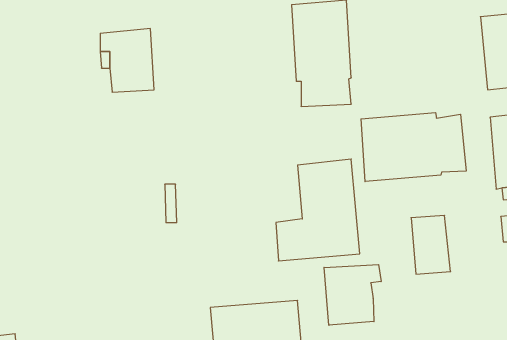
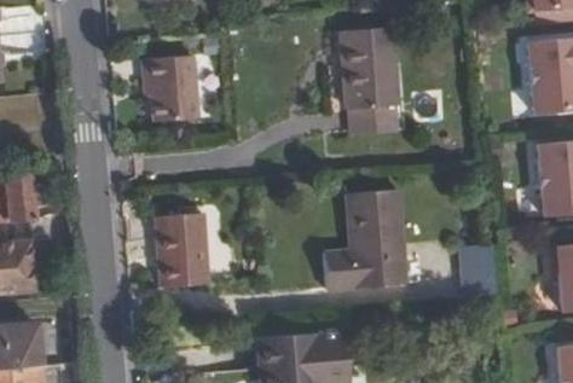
building: [361,113,466,182] -> none
building: none -> [157,214,209,288]
building: [324,265,381,325] -> none

